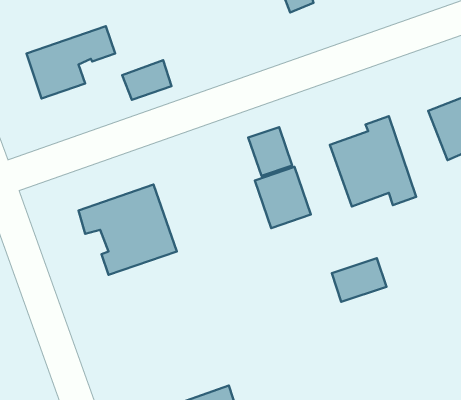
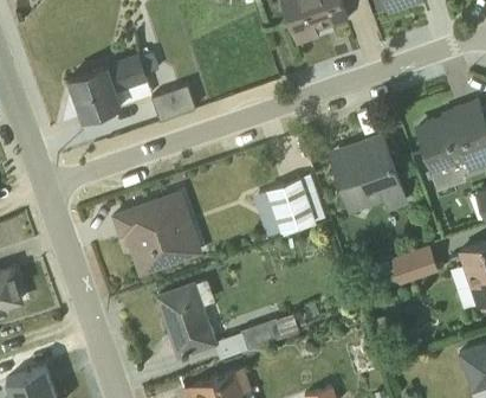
building: [248,127,292,176] -> none
building: [332,258,386,302] -> [390,244,438,282]
building: none -> [157,284,298,360]

